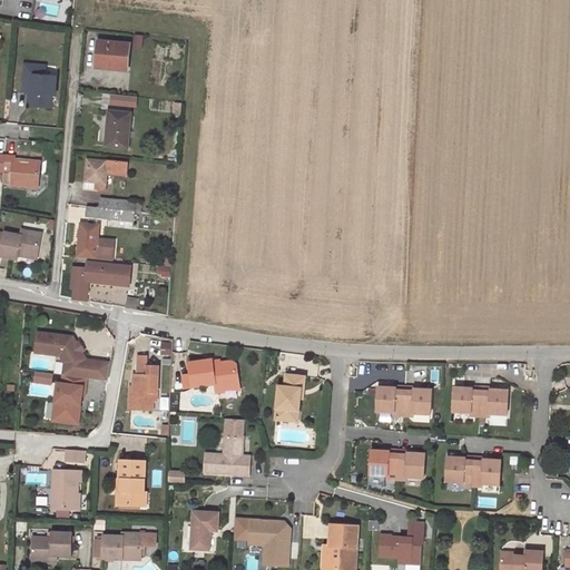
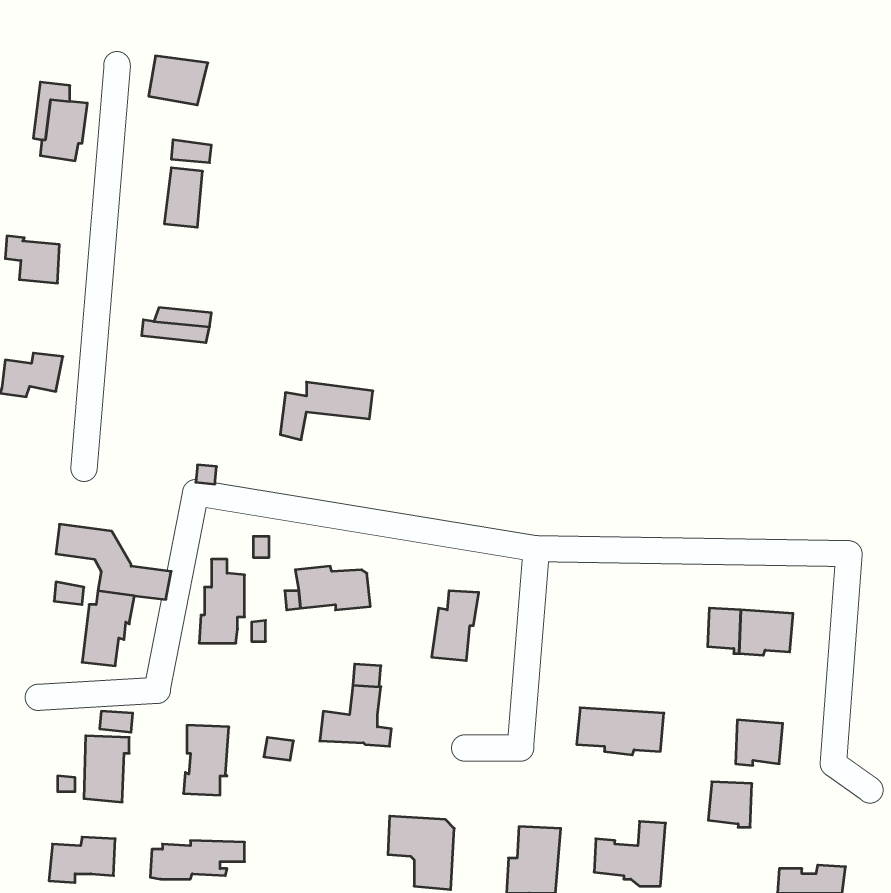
building: [85,157,125,188] -> none
building: [78,223,111,261] -> none
building: [71,263,130,299] -> [280,382,373,440]
building: [374,387,430,416] -> none
building: [442,458,470,487] -> [708,782,752,827]
building: [189,513,217,551] -> none

